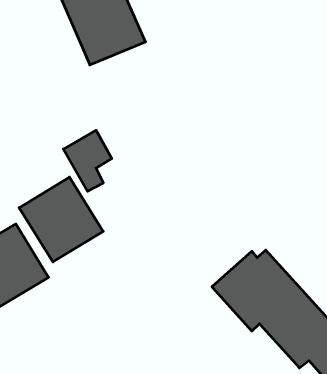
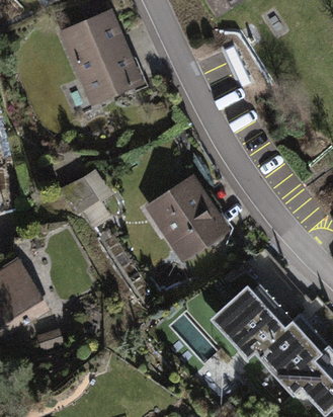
building: none -> [145,174,231,262]
building: [19,177,103,262] -> none

